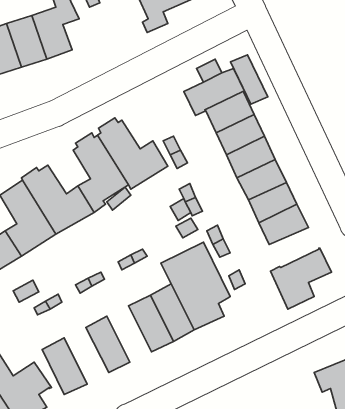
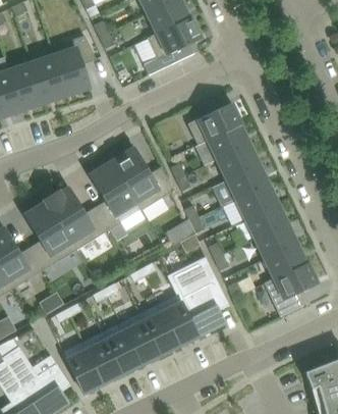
building: [230,55,268,104] -> none
building: none -> [264,244,307,279]
building: none -> [120,313,160,363]
building: none -> [82,332,122,382]

